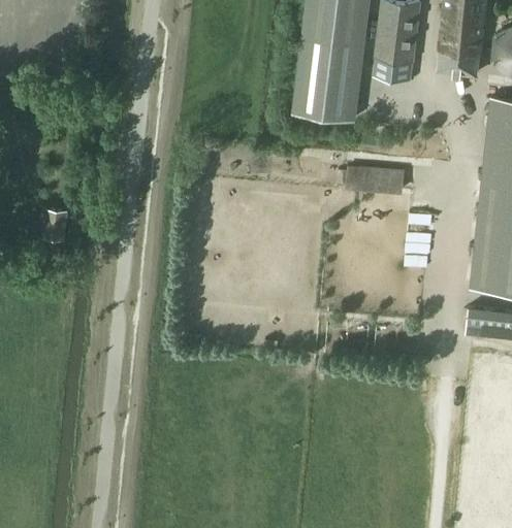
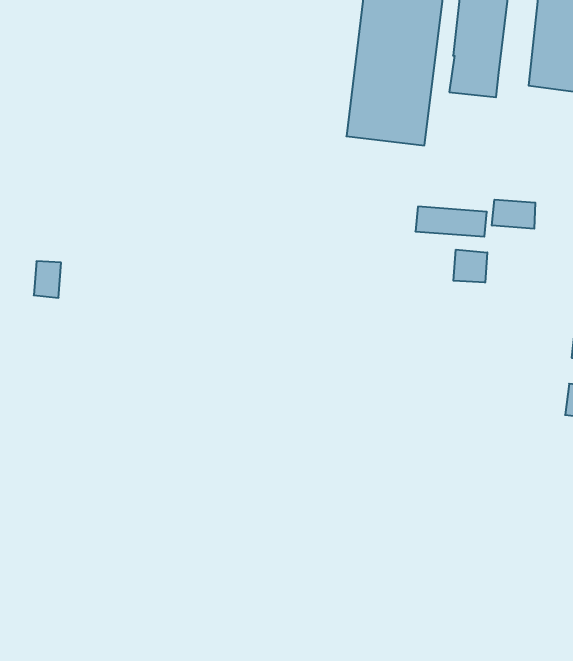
building: none -> [492,200,535,229]
building: none -> [453,250,487,283]

